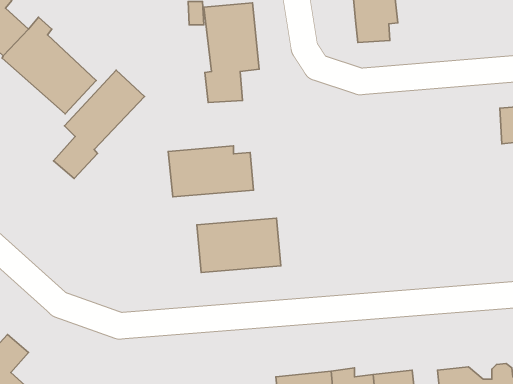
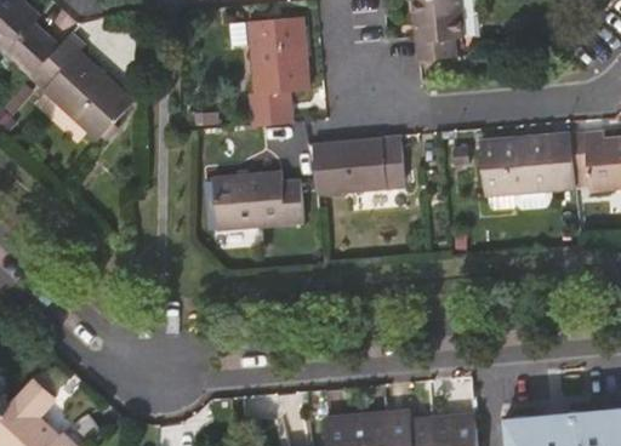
building: [53,70,145,179] -> none
building: none -> [480,131,575,204]
building: [197,218,281,272] -> [309,136,401,195]

